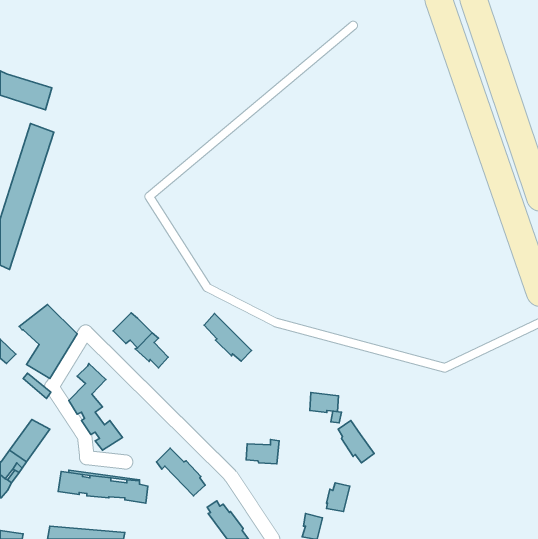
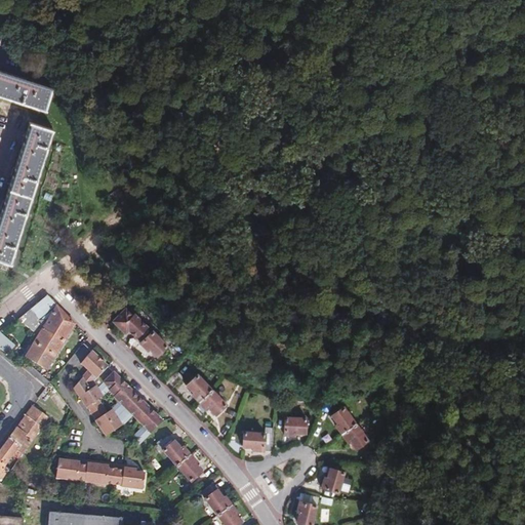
building: [204,314,252,361] -> [178,368,225,414]
building: none -> [91,368,160,446]
building: [310,393,338,413] -> [277,415,305,435]

